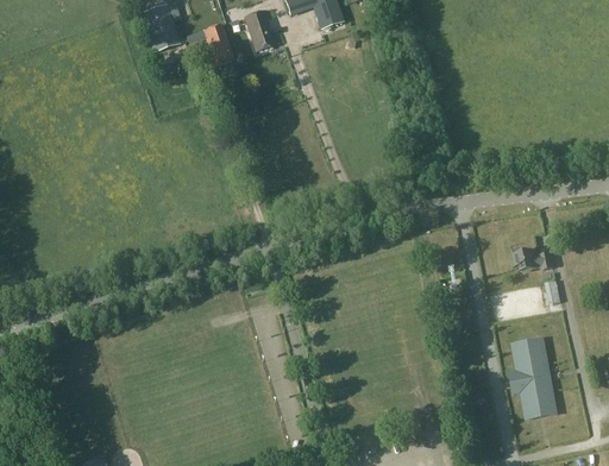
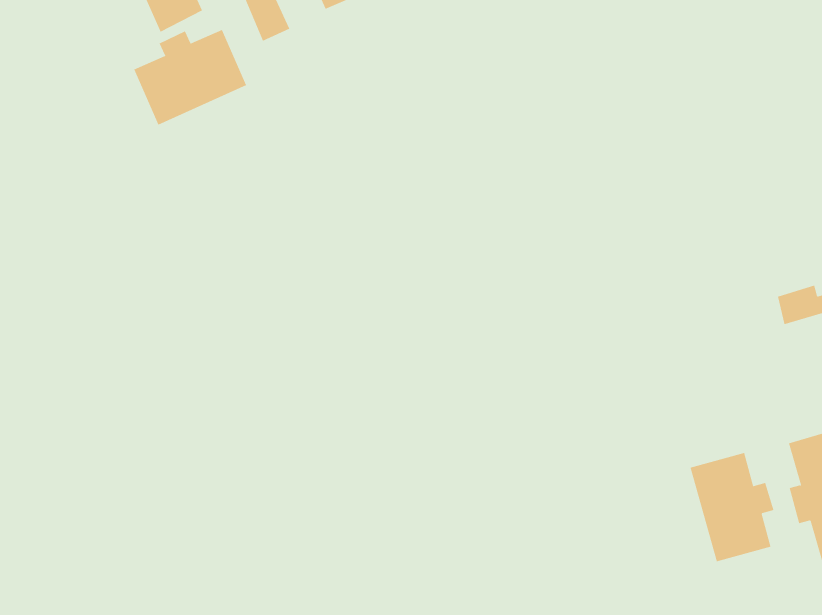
building: none -> [133,29,247,125]
building: none -> [690,452,774,562]

